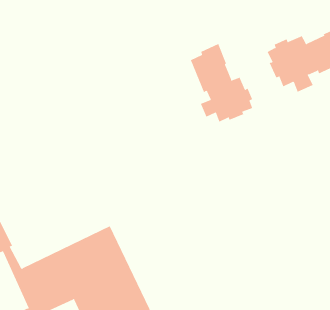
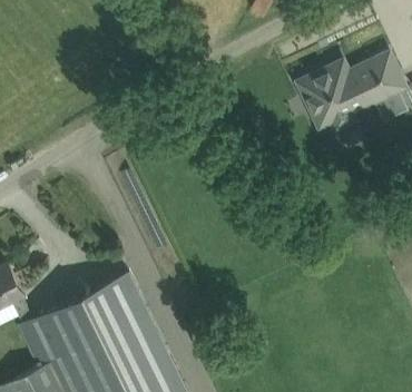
building: [190,43,253,123] -> none

